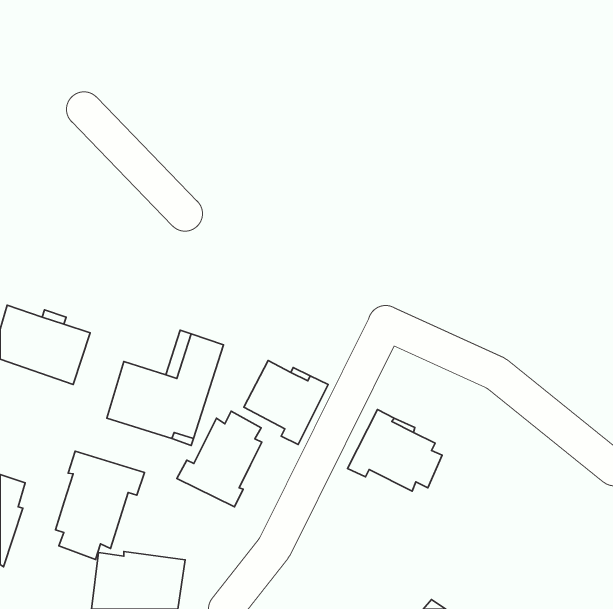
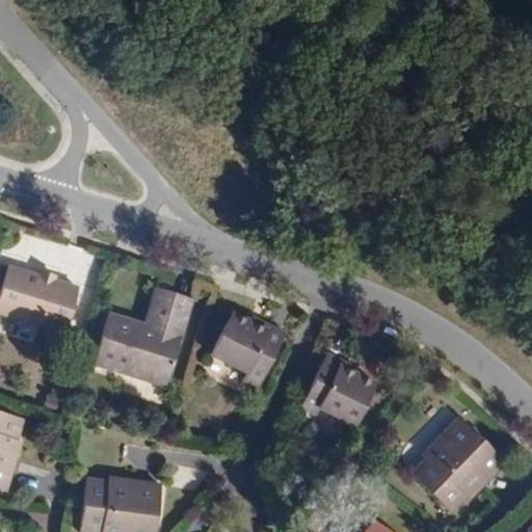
building: [177,411,262,507] -> none
building: [55,451,144,559] -> none
building: none -> [413,415,505,508]

